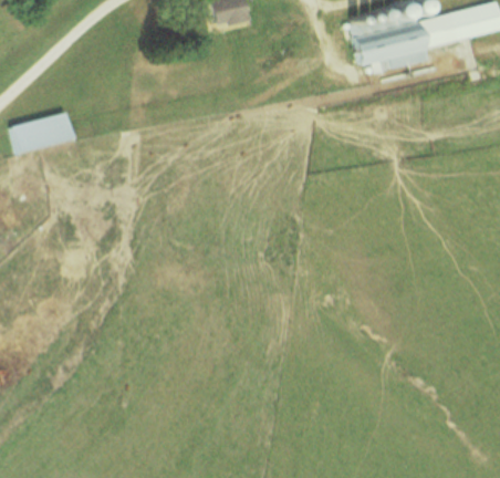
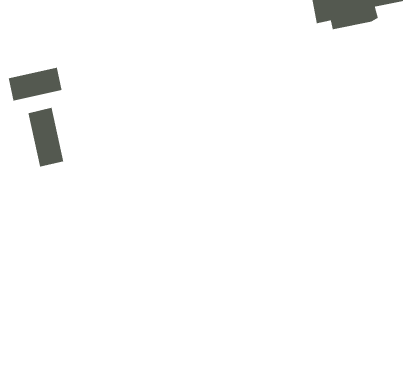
building: none -> [27,107,64,168]

